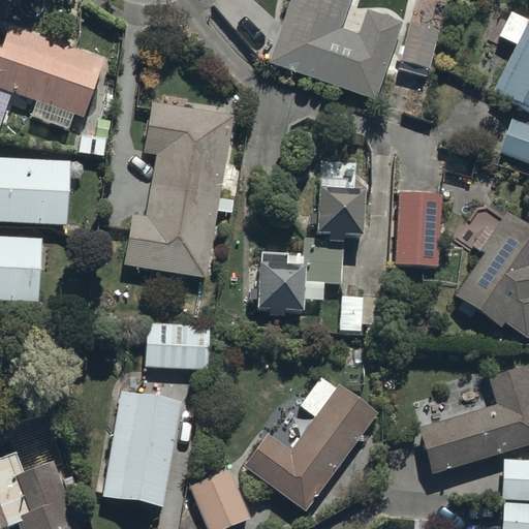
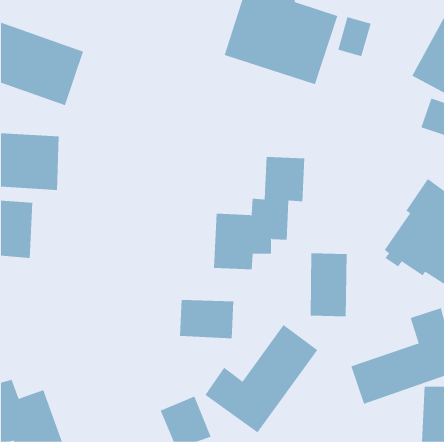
building: [123,98,236,280] -> none
building: [396,190,440,266] -> [310,253,347,317]
building: [147,321,212,368] -> [179,299,234,339]
building: [99,391,181,511] -> none

